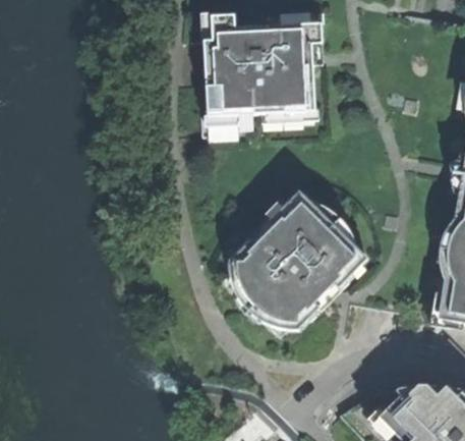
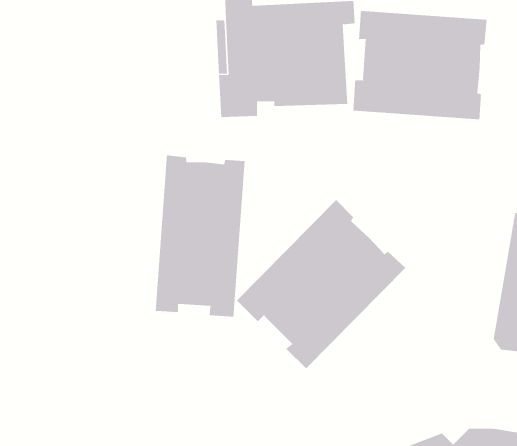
building: none -> [353,10,487,120]
building: none -> [155,155,245,317]

